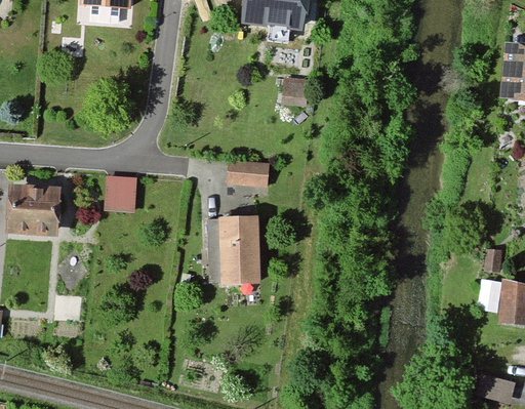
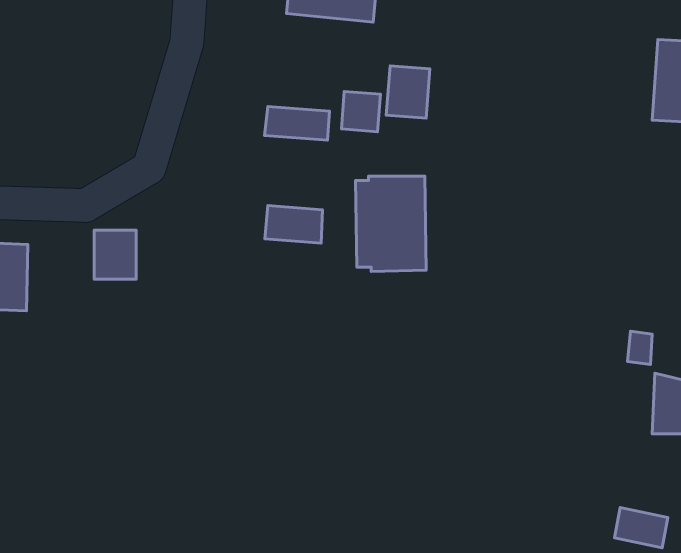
building: none -> [386,66,430,118]
building: none -> [264,107,330,140]
building: [208,215,258,283] -> [355,176,426,272]

